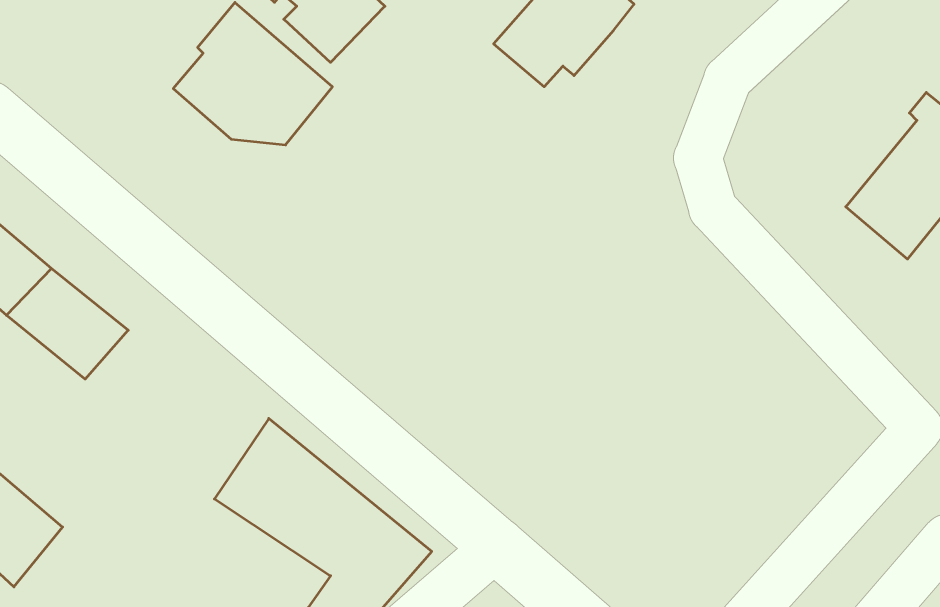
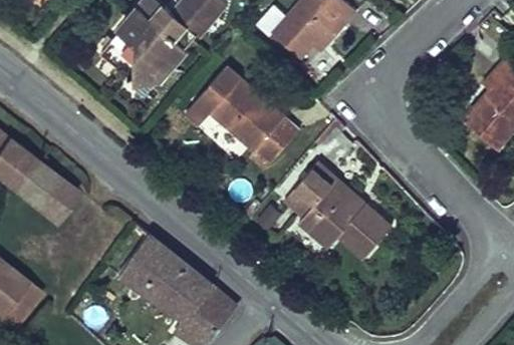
building: none -> [185,68,298,164]
building: none -> [287,160,392,257]

